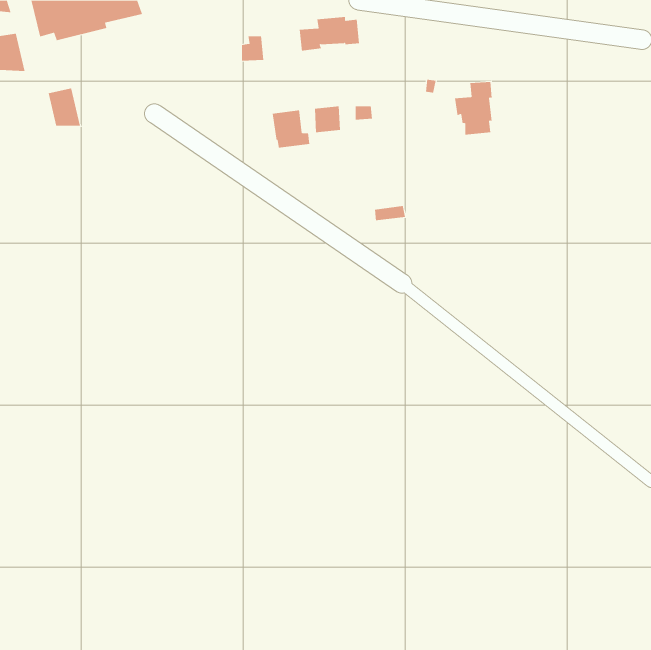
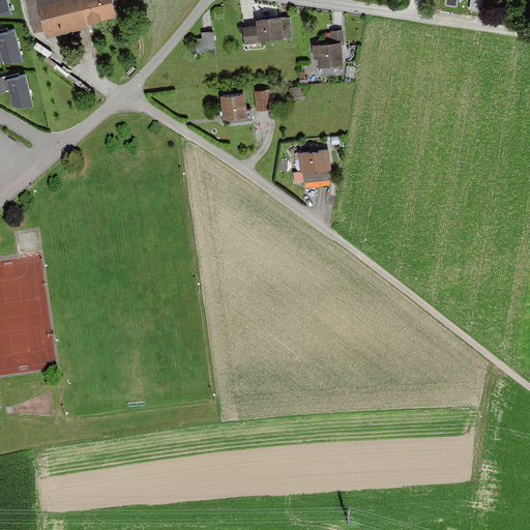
building: [454,81,493,135] -> [312,32,343,76]
building: [48,88,81,126] -> [5,73,32,105]
building: none -> [300,150,329,172]

